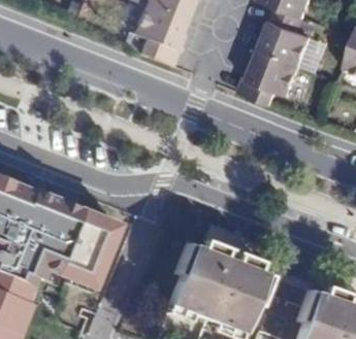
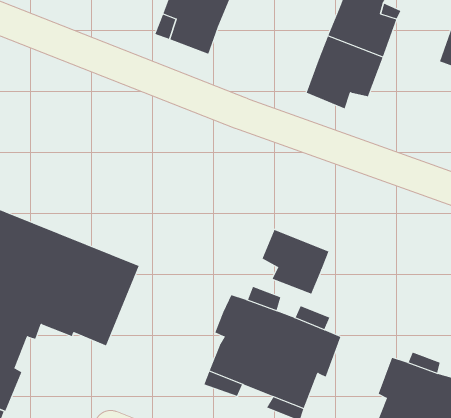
building: none -> [262,229,329,294]

